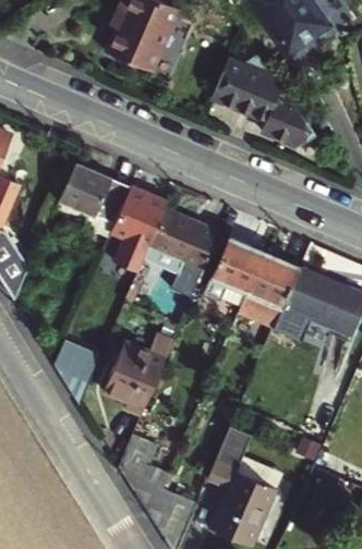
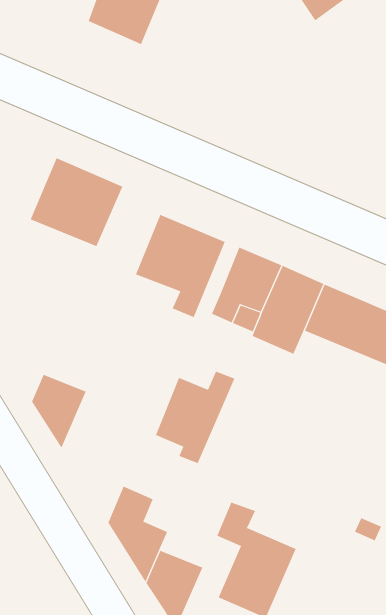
building: [208,48,314,143] -> none
building: [111,187,168,274] -> none
building: [106,338,172,415] -> [155,371,235,464]

